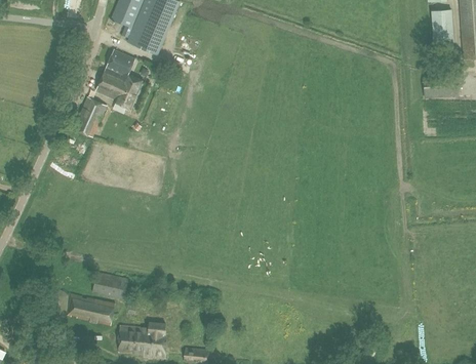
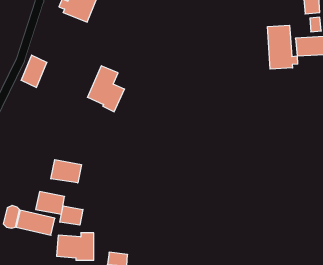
building: [95,50,143,109] -> [87,66,125,112]
building: none -> [268,25,298,69]
building: none -> [51,160,81,183]
building: none -> [60,206,83,225]

